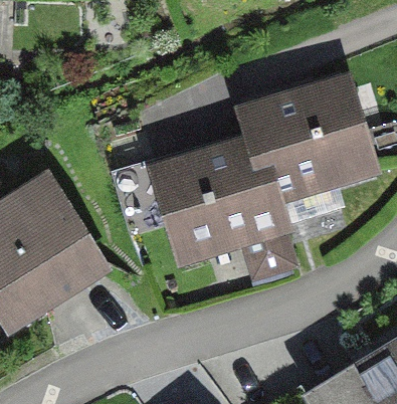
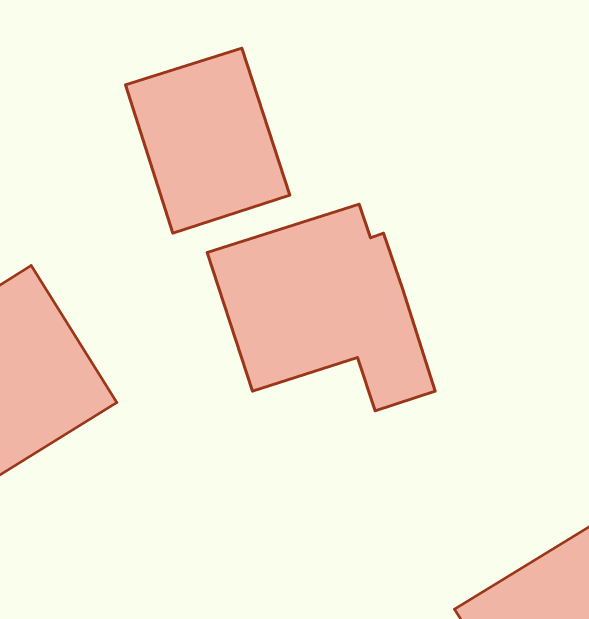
building: none -> [126,48,290,233]
building: [241,80,372,198] -> none

